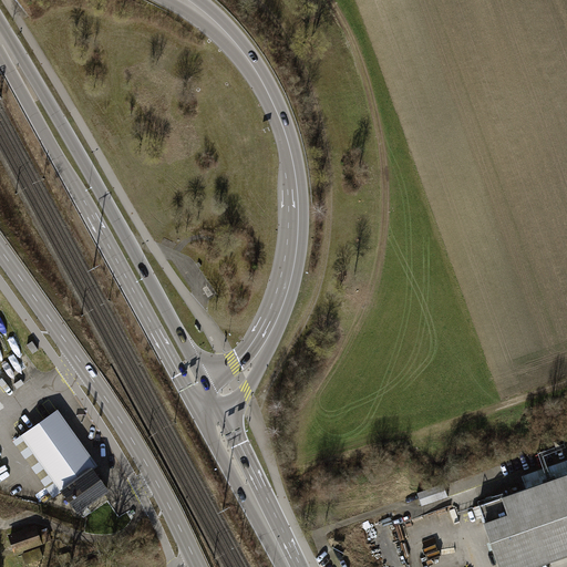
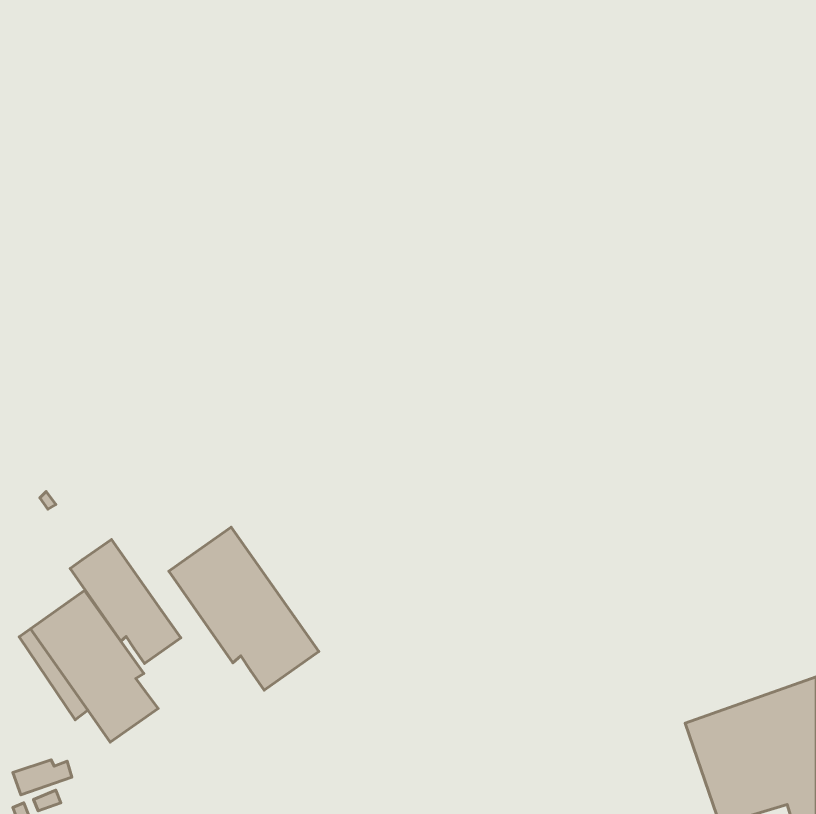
building: none -> [169,527,319,690]
building: none -> [70,539,181,664]

